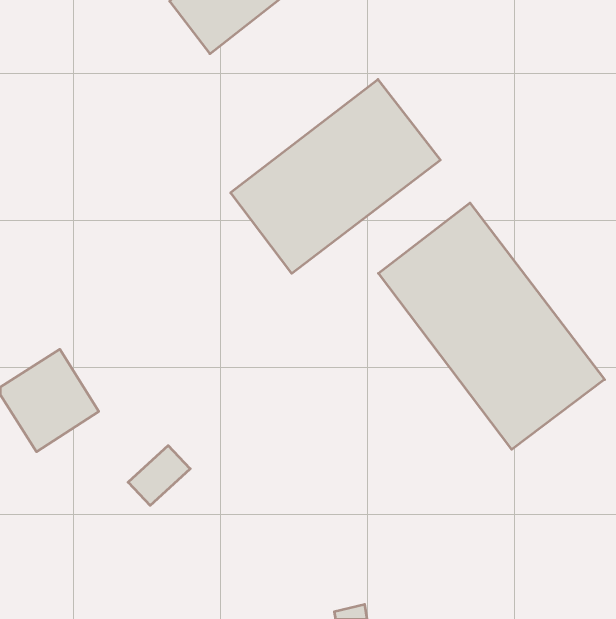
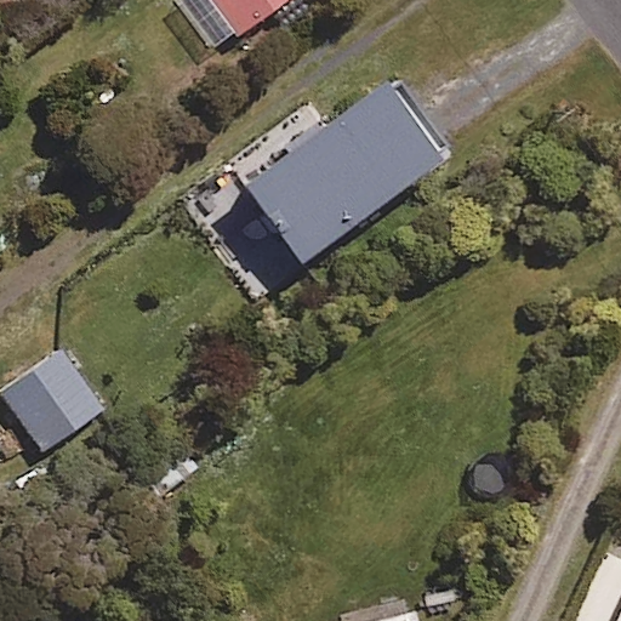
building: [378,203,605,449] -> none

